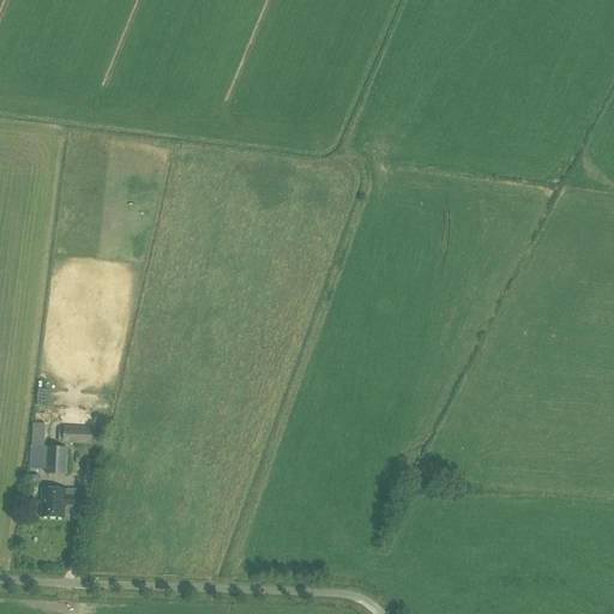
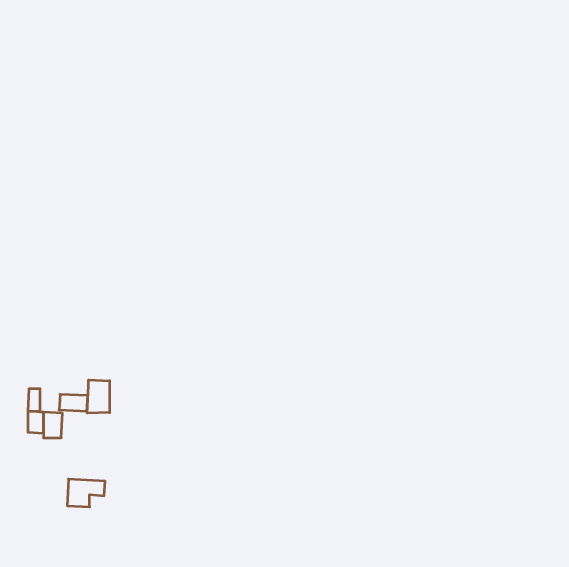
building: none -> [87,380,110,413]
building: [41,484,82,514] -> [67,479,105,507]

